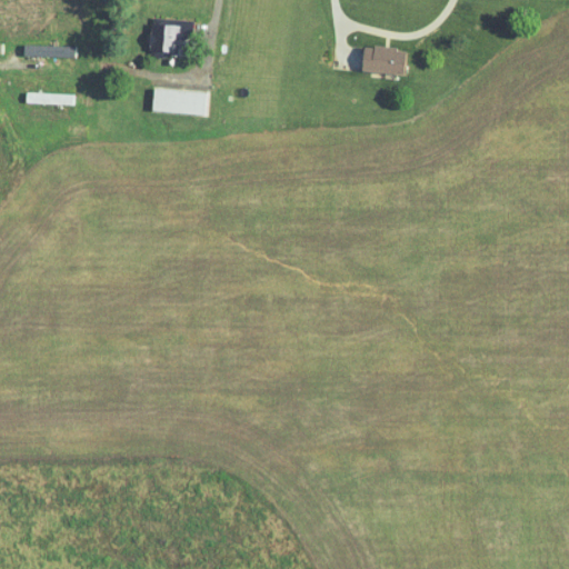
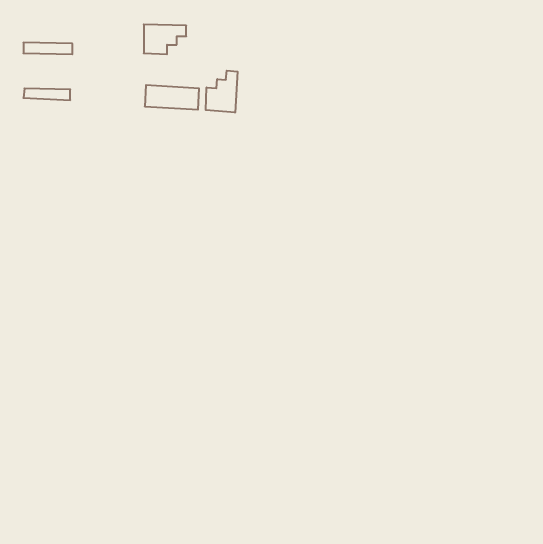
building: [363,44,408,74] -> none
building: none -> [206,71,238,113]

